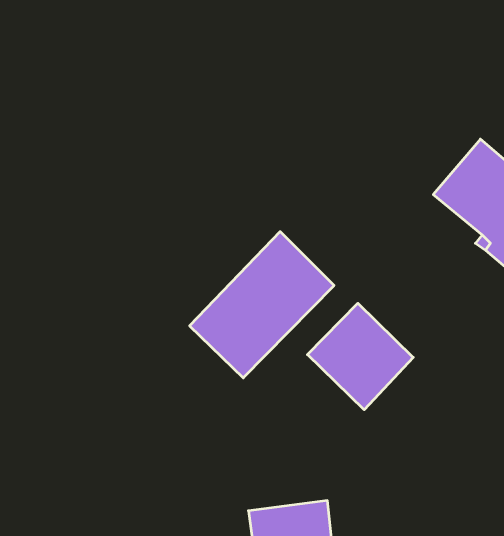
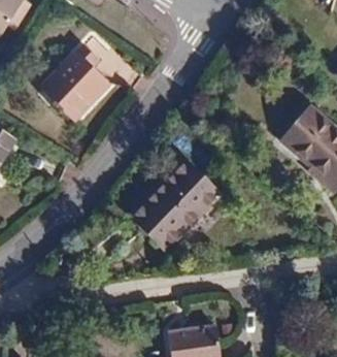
building: none -> [42,42,107,122]
building: [307,303,413,410] -> none

